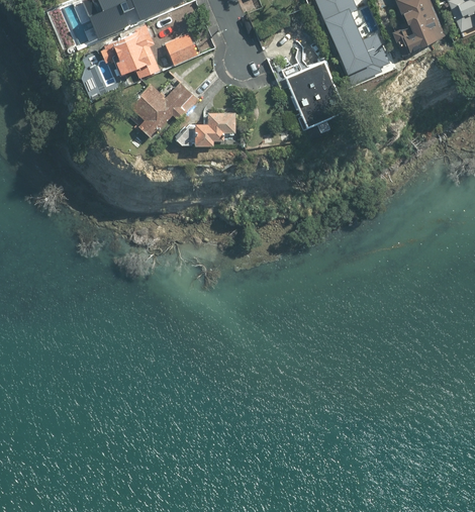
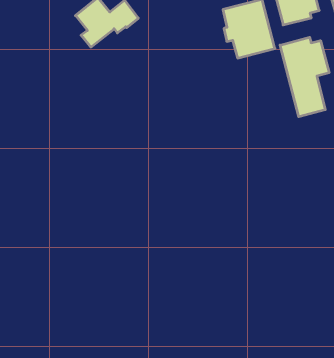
building: none -> [280,37,329,117]
building: [175,112,235,144] -> none

